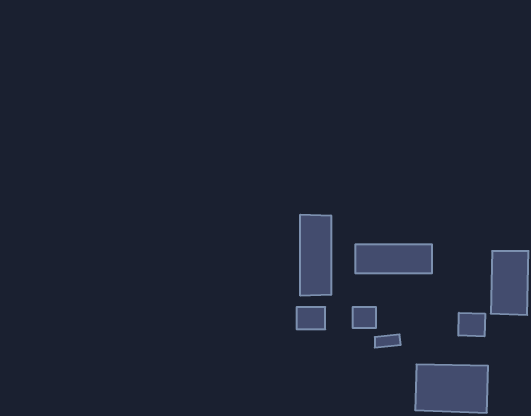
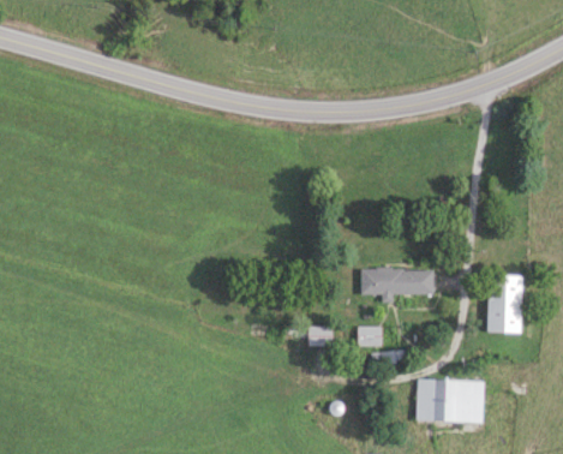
building: [300,215,331,296] -> none
building: [458,313,485,336] -> none

